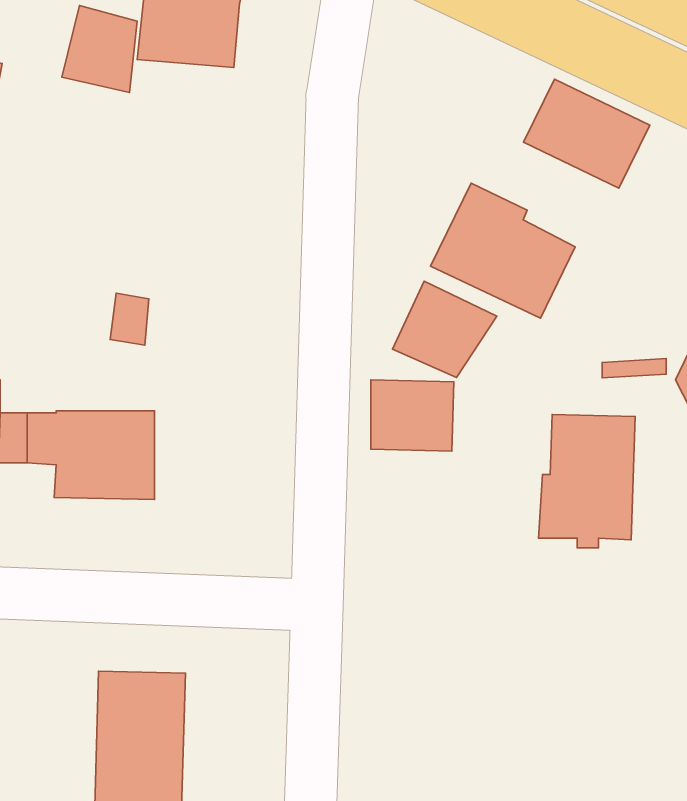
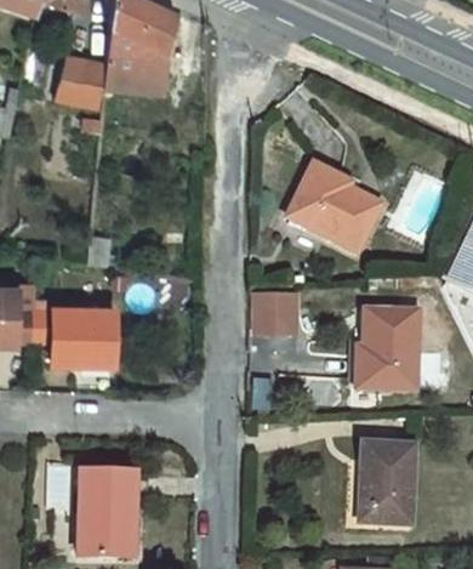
building: [523,79,650,188] -> none
building: [393,281,497,378] -> none
building: none -> [361,443,415,524]

